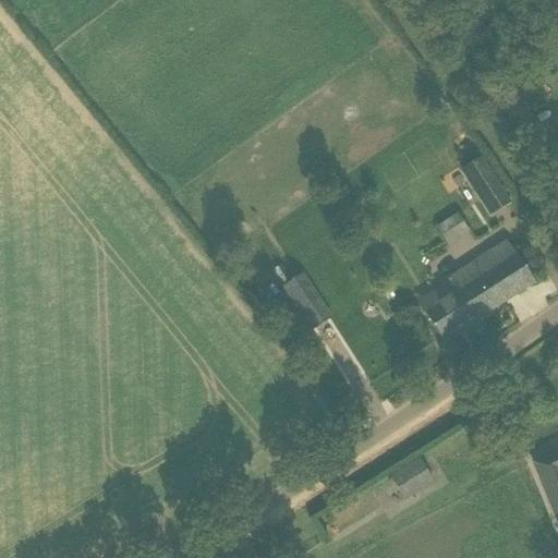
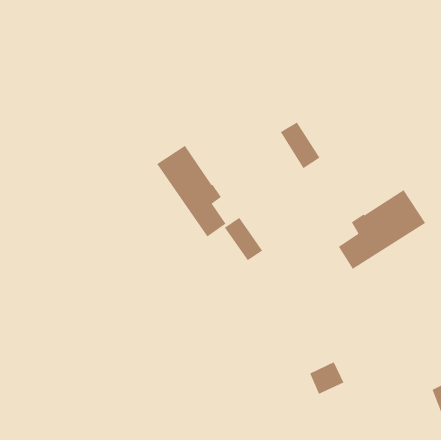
building: [463,154,514,214] -> [280,121,320,169]
building: none -> [156,145,226,237]

